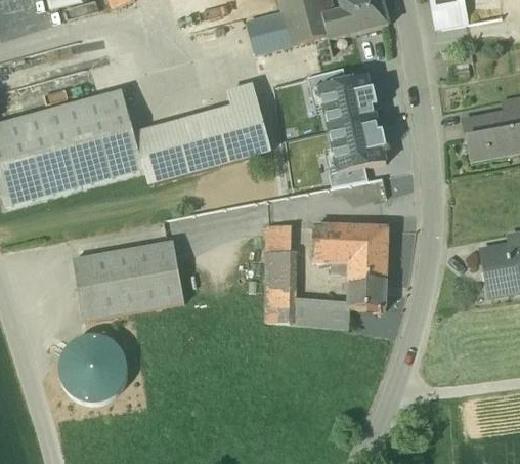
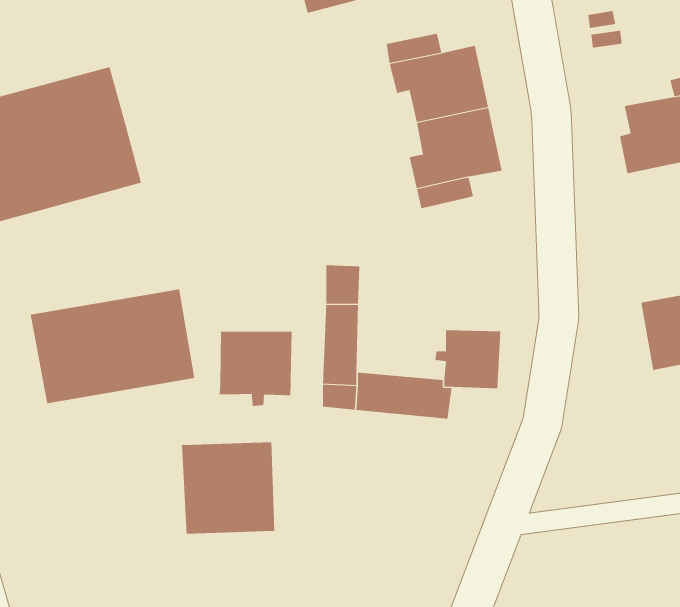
building: [135,84,271,182] -> none
building: [313,225,389,272] -> none
building: none -> [219,331,292,407]
building: [54,333,118,395] -> [181,442,275,534]

